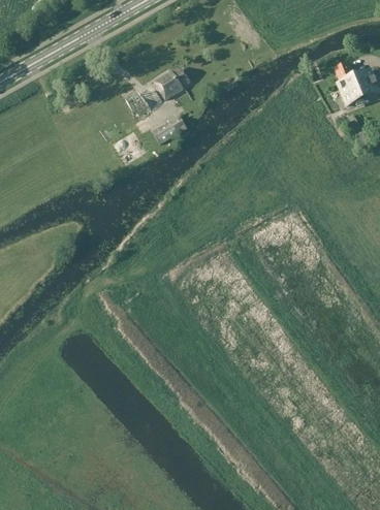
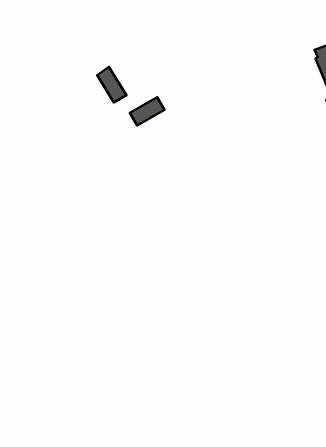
building: [154,68,190,99] -> none

